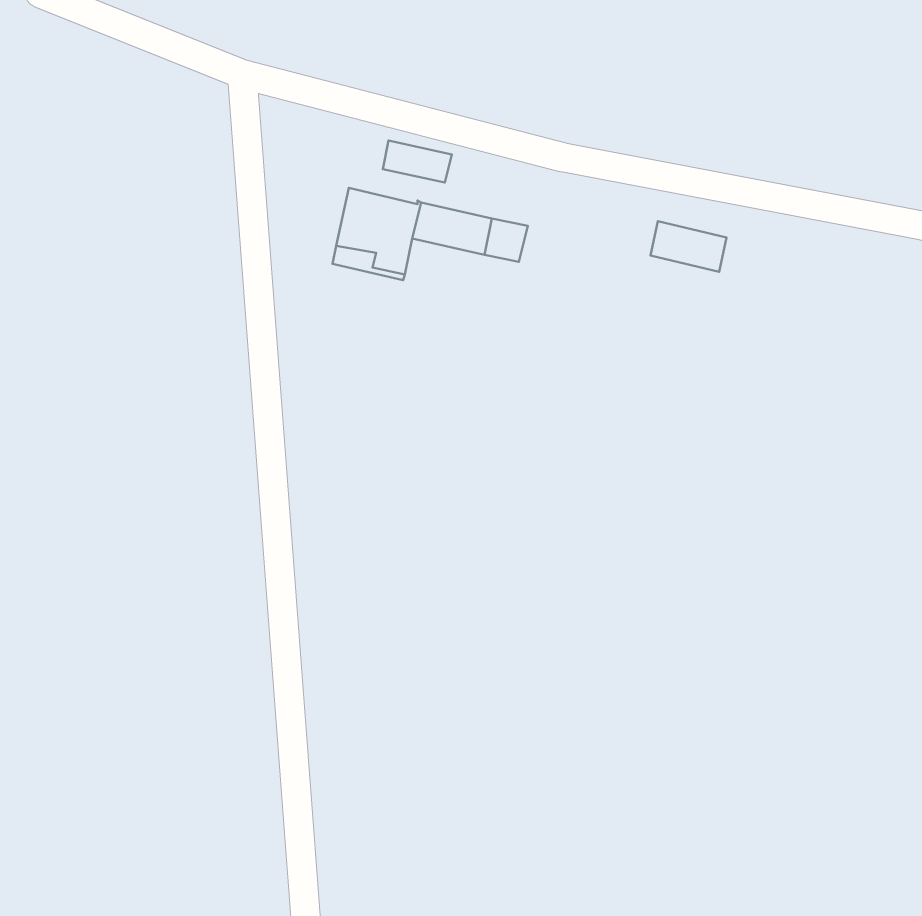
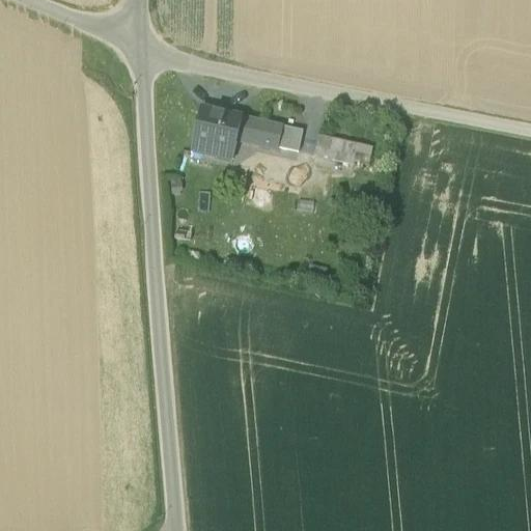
building: [383,140,452,182] -> none
building: [651,221,727,272] -> [315,134,359,163]

